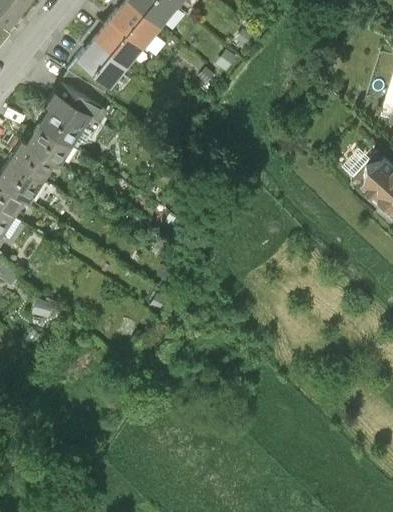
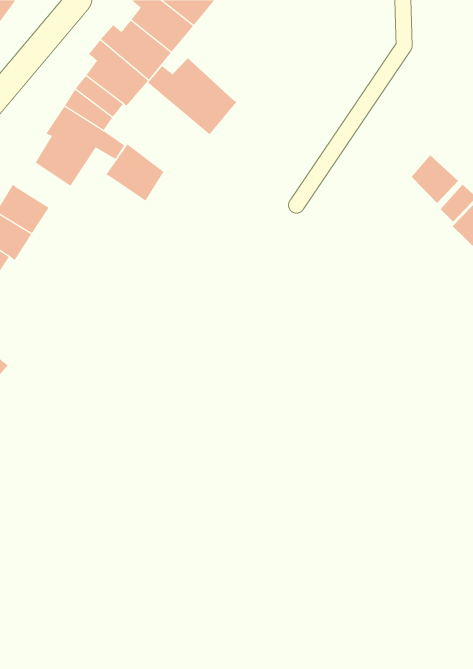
building: none -> [147,57,237,135]
building: none -> [106,144,164,201]
building: none -> [411,154,459,204]
building: [28,128,68,165] -> none

